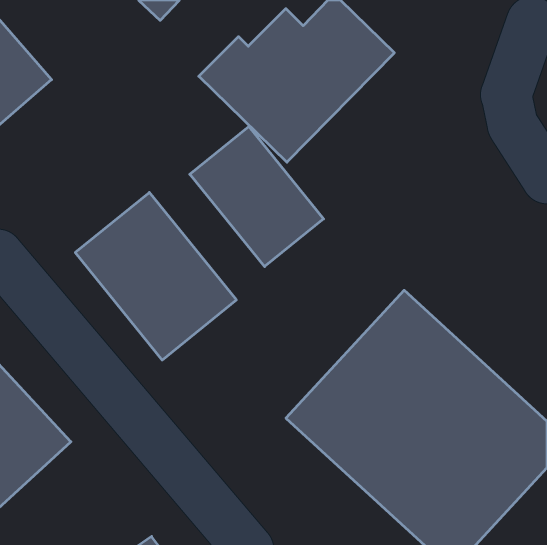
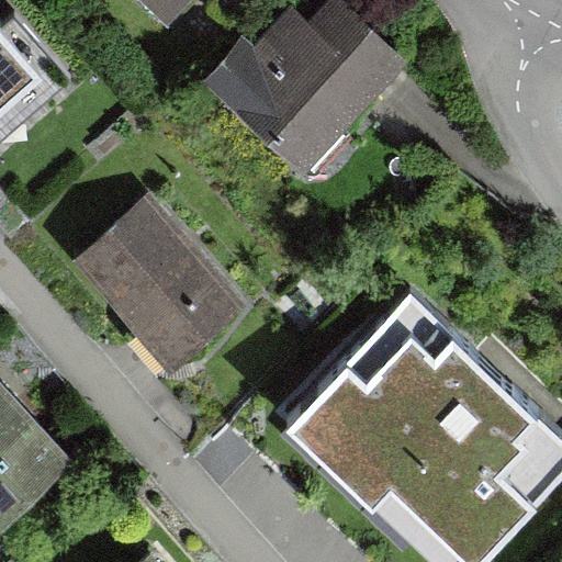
building: [190,127,324,267] -> none

